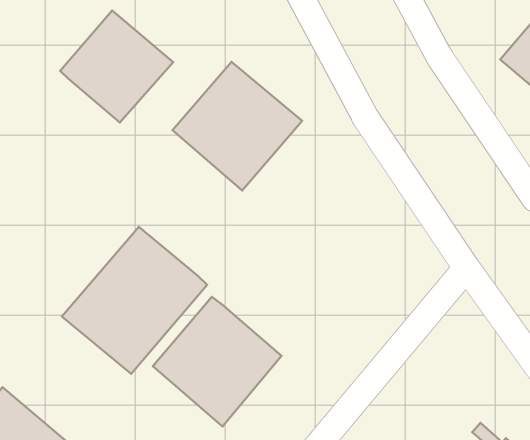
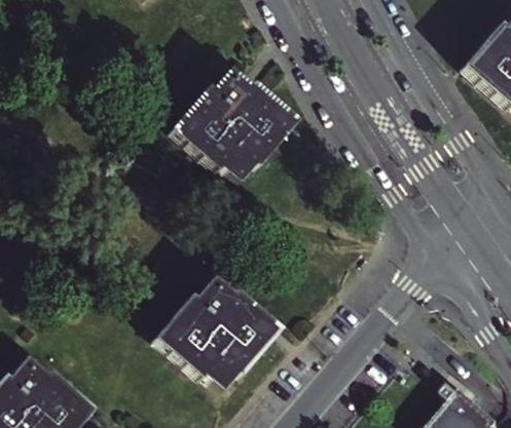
building: [60,11,173,123] -> none
building: [62,227,207,374] -> none

